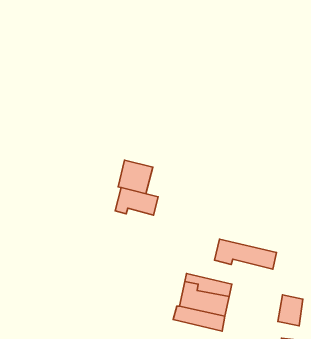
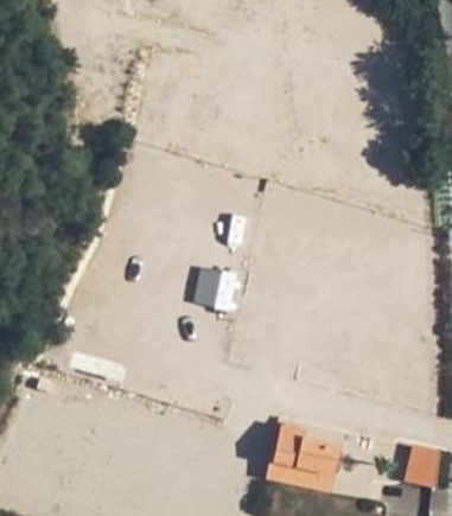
building: [115,188,158,215] -> none
building: [215,239,276,269] -> none

